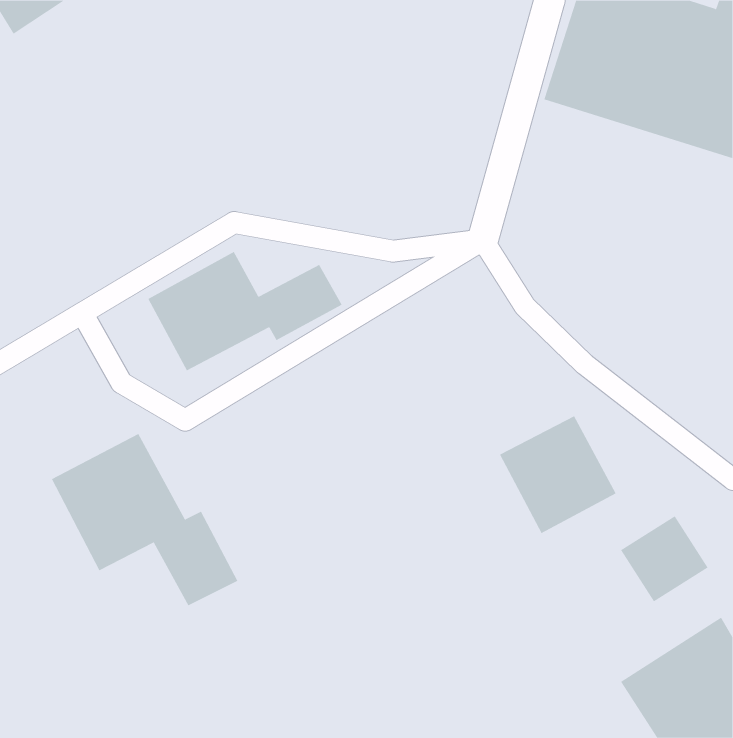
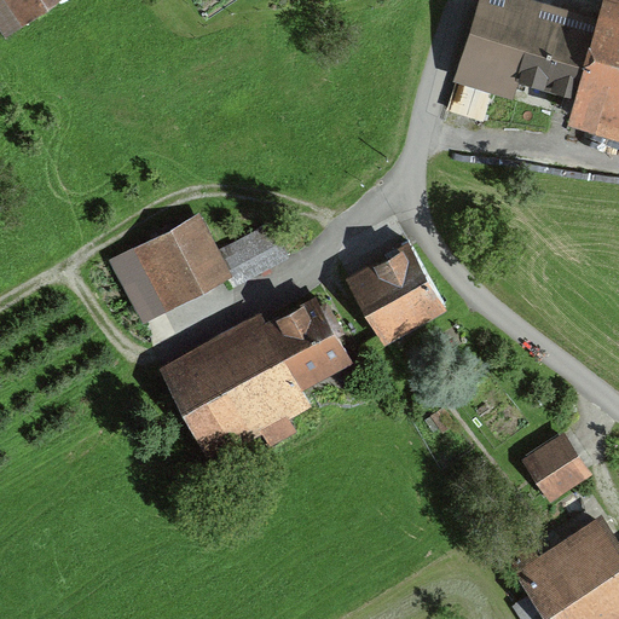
building: none -> [157,296,348,459]
building: [499,415,616,534] -> [349,245,447,345]
building: [51,433,238,606] -> none

